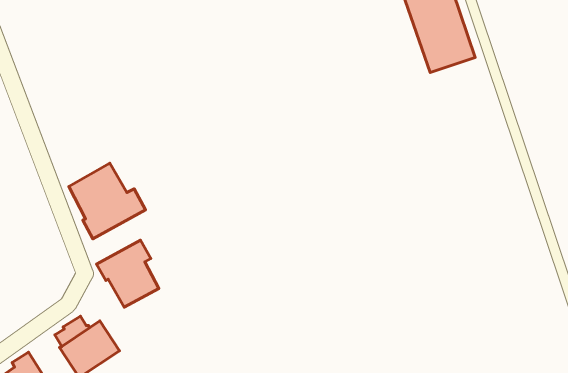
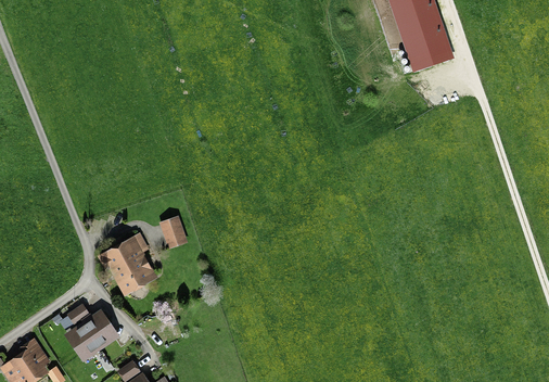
building: [69,163,145,239] -> none
building: none -> [159,215,188,249]

